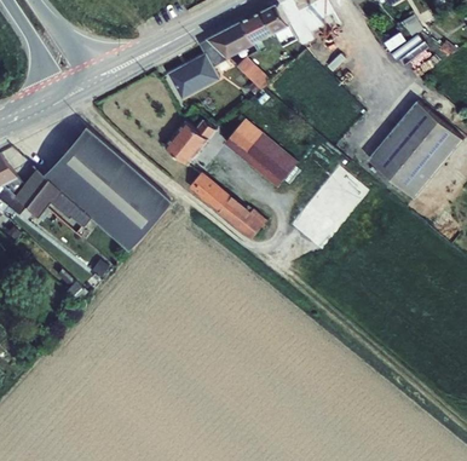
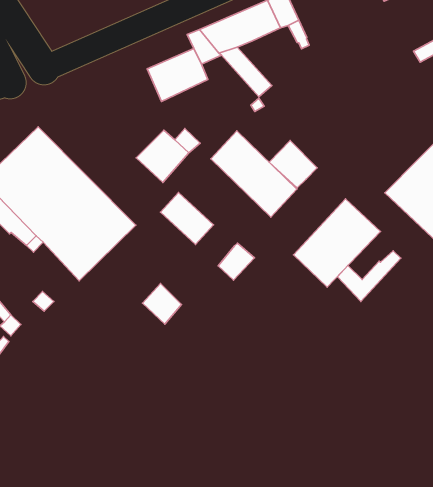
building: none -> [269,141,317,188]
building: [218,196,249,229] -> [143,283,181,324]
building: none -> [338,251,401,301]

